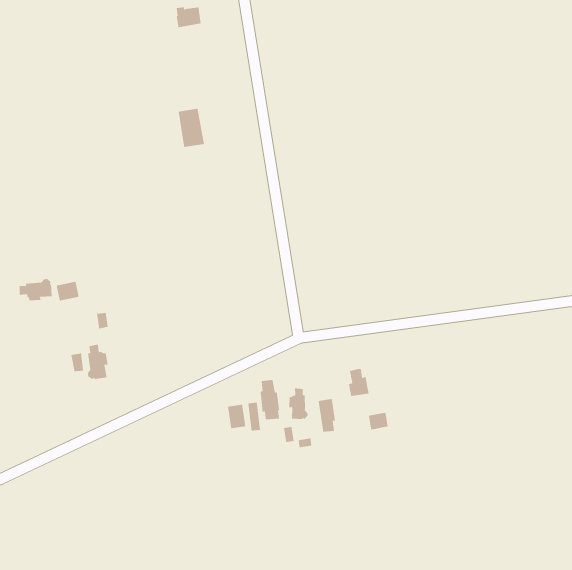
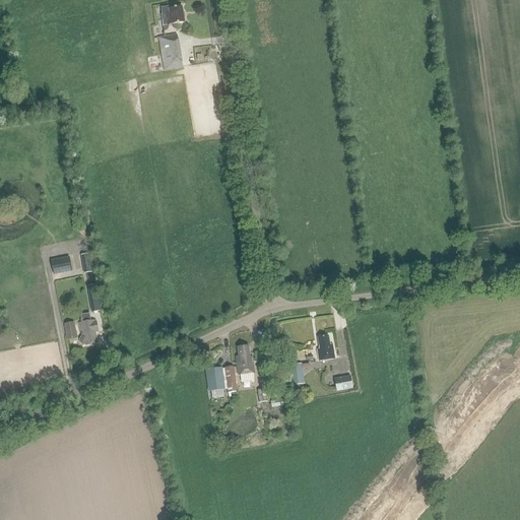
building: [178,108,205,147] -> [158,34,183,69]
building: [19,278,52,301] -> none
building: [289,388,308,420] -> none

